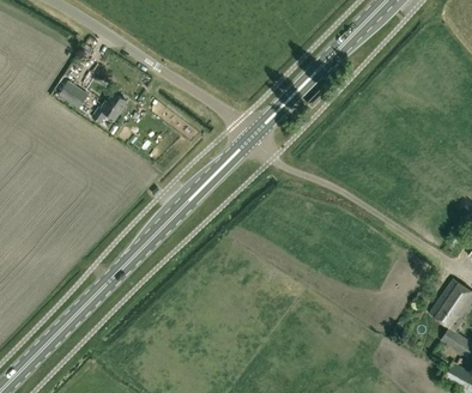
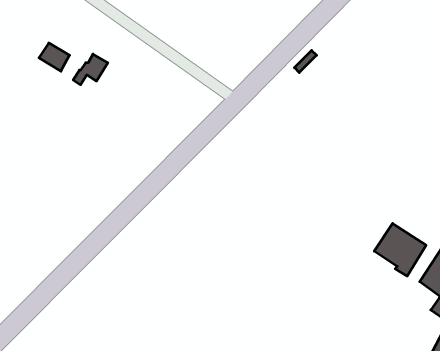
building: none -> [374,223,426,276]

